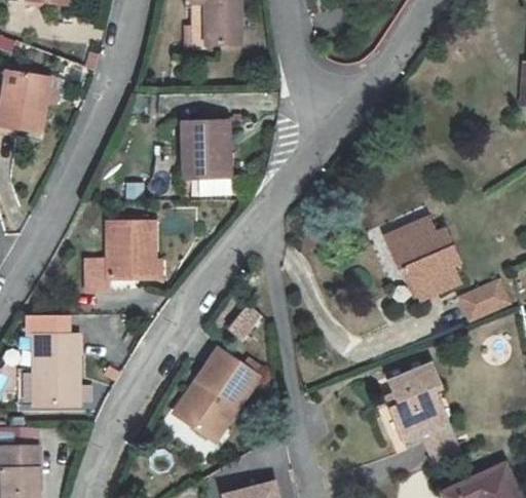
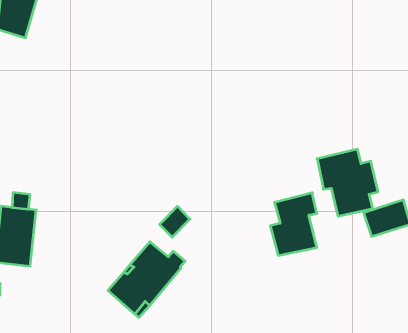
building: [184,119,226,177] -> none
building: [86,223,151,293] -> none
building: [390,360,448,438] -> [270,193,317,255]

